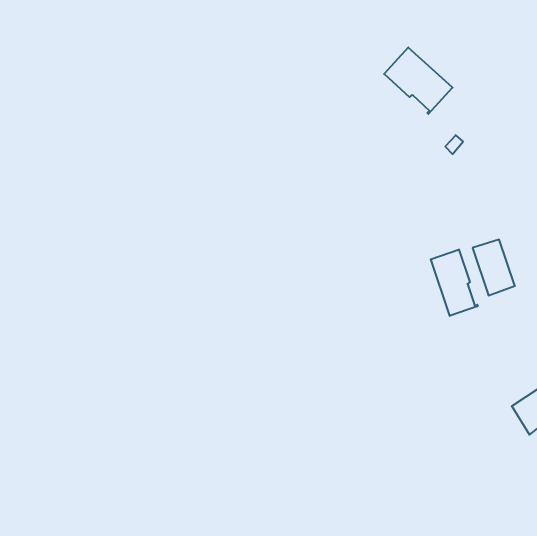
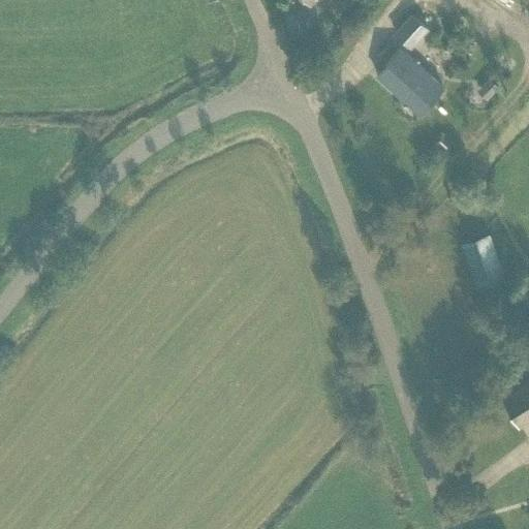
building: none -> [398,17,430,50]
building: [431,249,478,316] -> none

